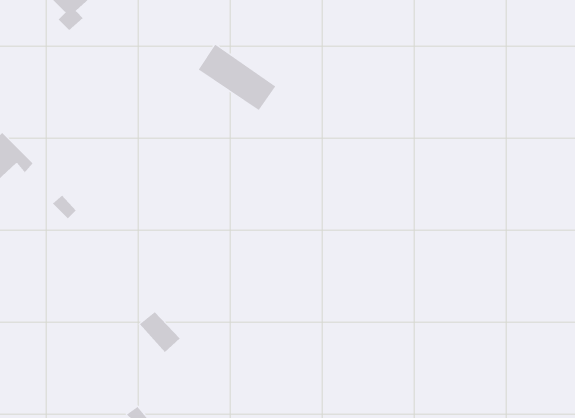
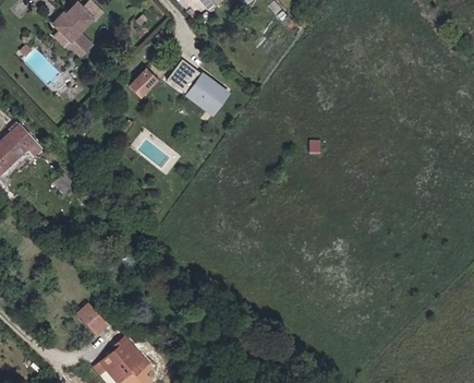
building: none -> [126,68,157,98]
building: [139,311,180,353] -> [75,303,107,335]

